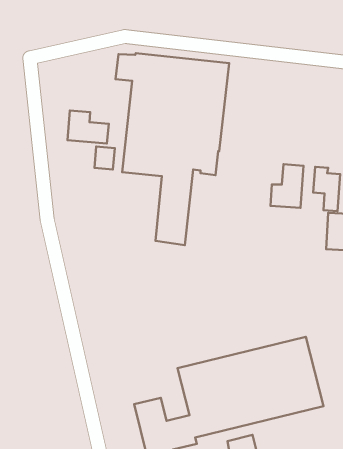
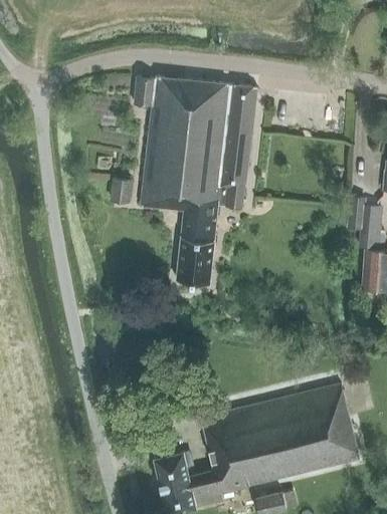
building: [68,110,109,144] -> none
building: [270,164,303,208] -> none

